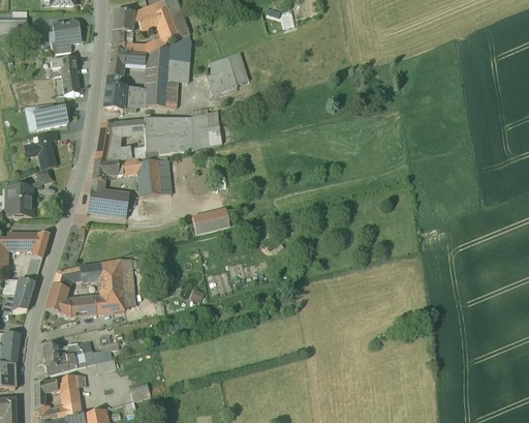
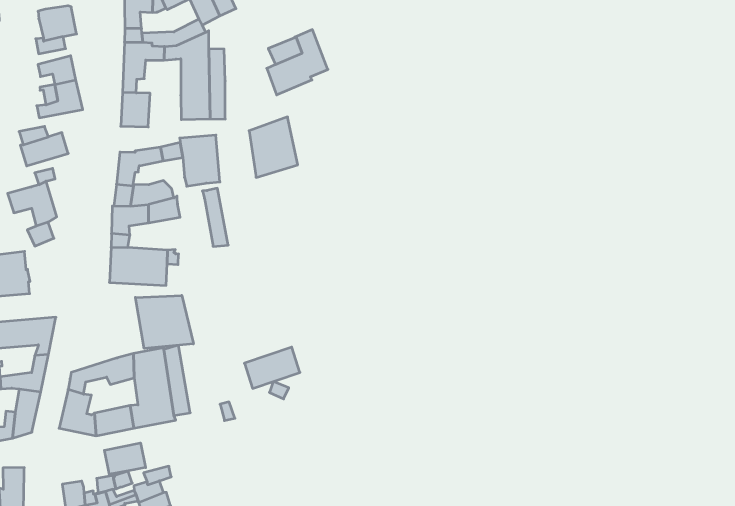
building: [168,36,192,82] -> none
building: [123,86,147,111] -> none
building: [159,117,193,155] -> none
building: [138,160,160,195] -> none
building: [192,208,229,234] -> [244,347,300,388]
building: none -> [135,295,193,348]
building: none -> [104,443,146,475]

